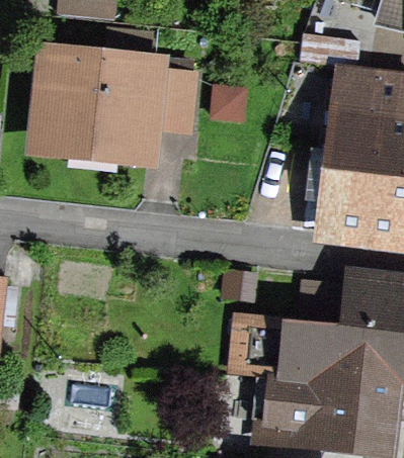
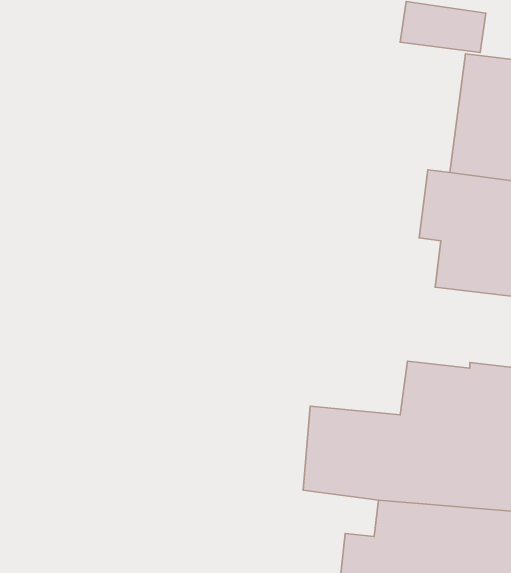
building: [42,60,193,156] -> none

